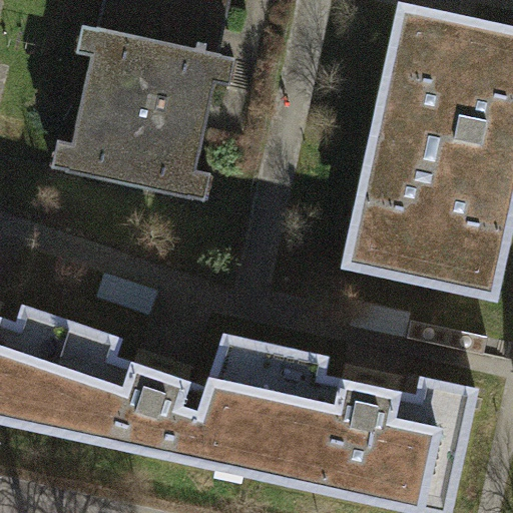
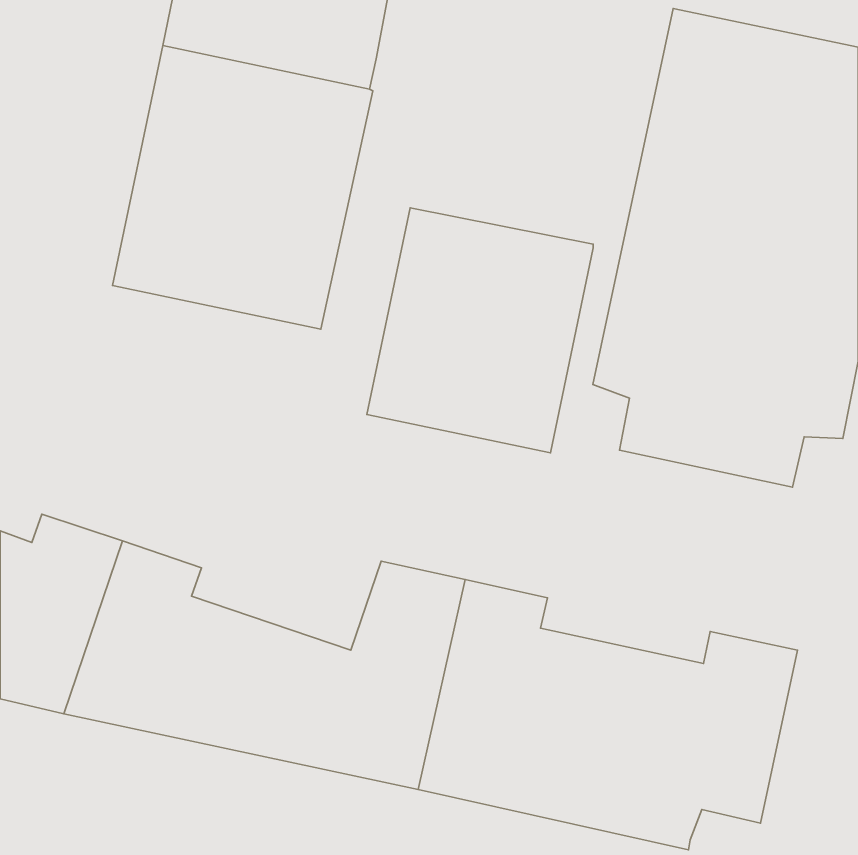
building: none -> [367,208,593,453]

